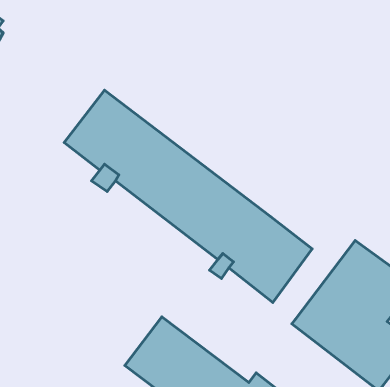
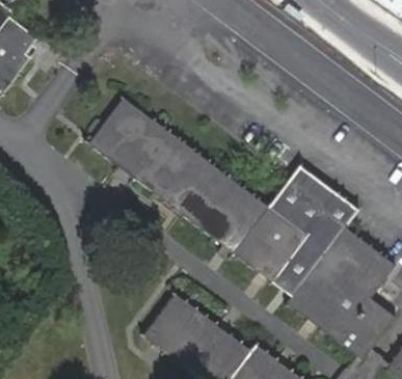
building: none -> [269,166,356,296]

